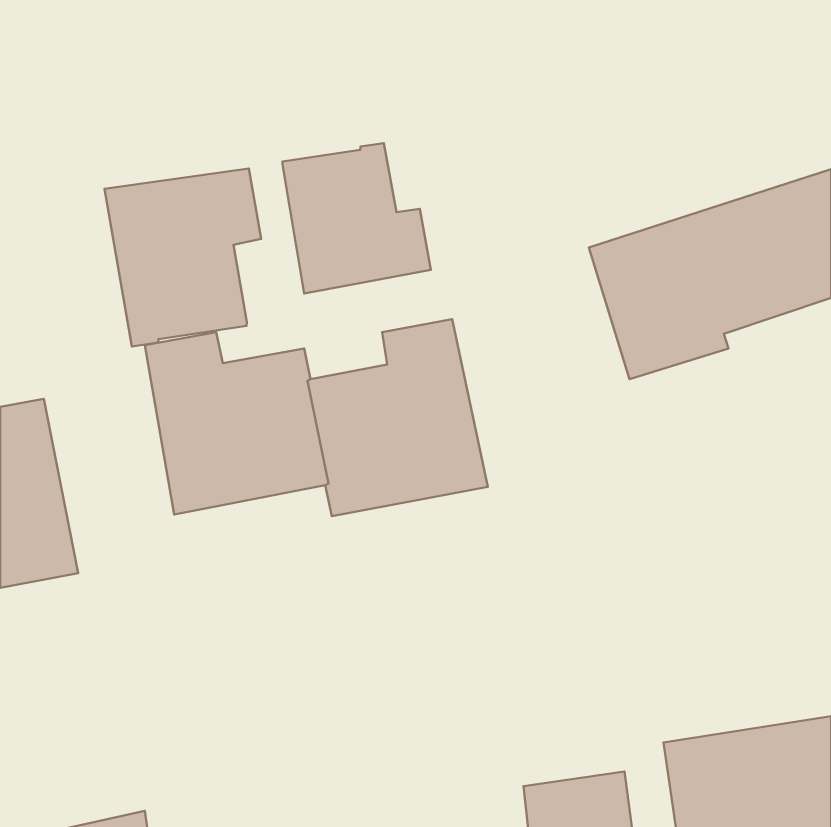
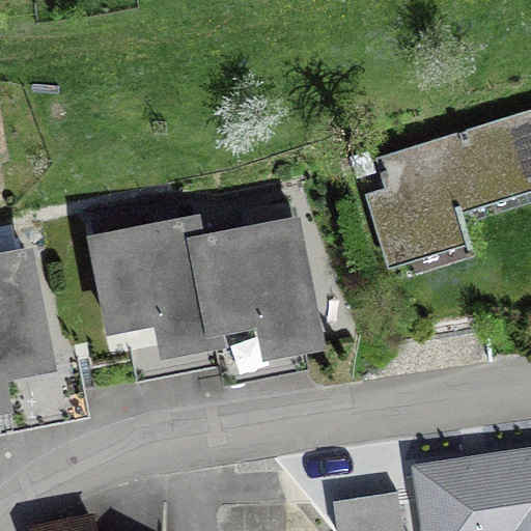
building: [282,143,431,293] -> none
building: [104,168,261,347] -> none

